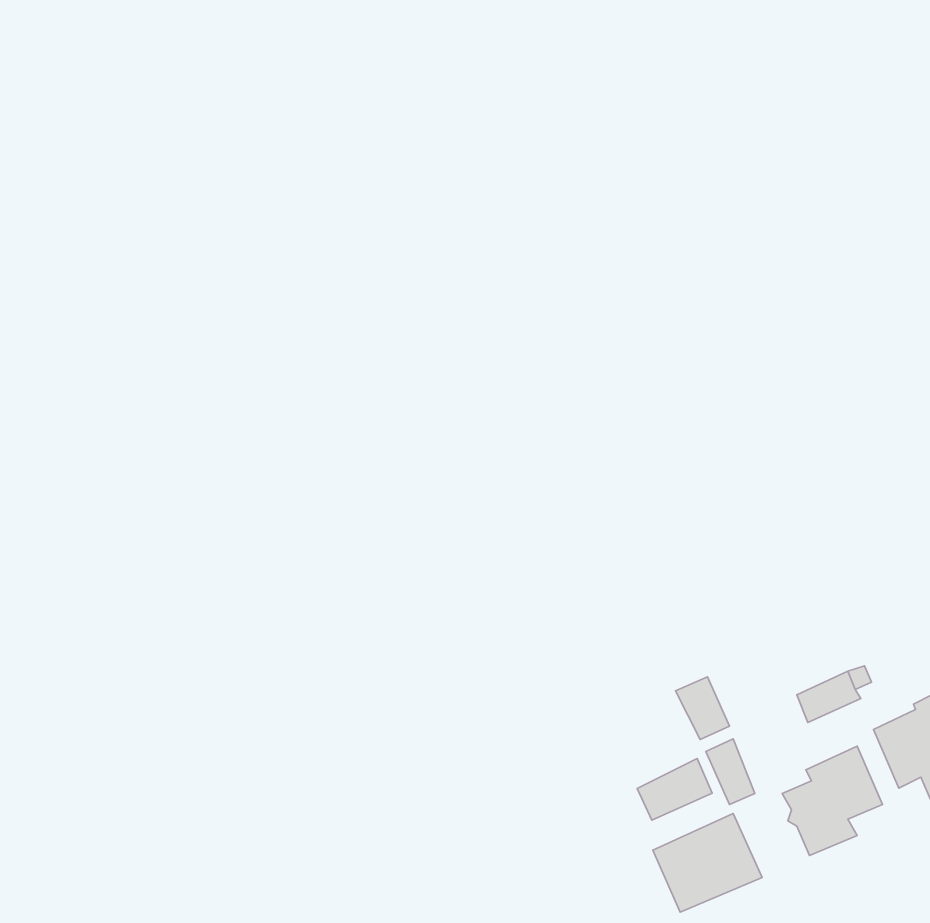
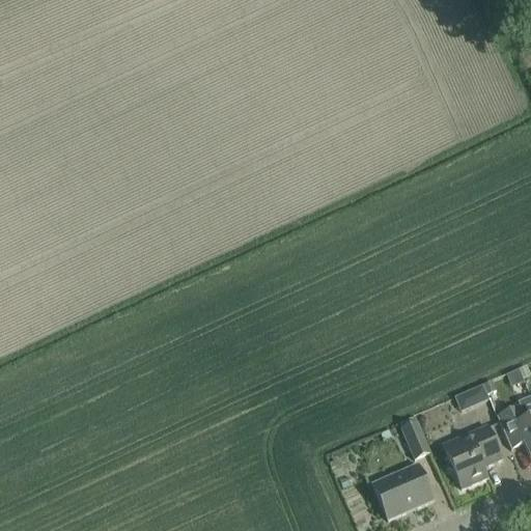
building: [675,677,730,740] -> none
building: [637,758,712,820] -> none

